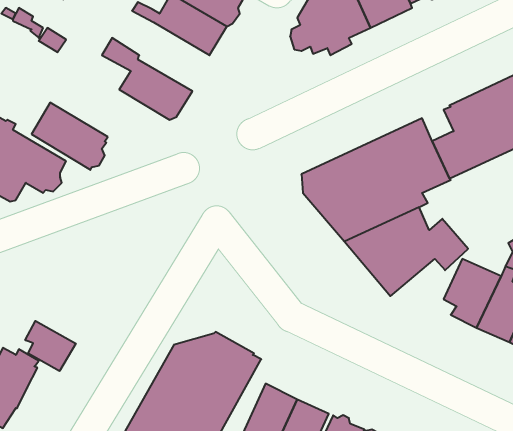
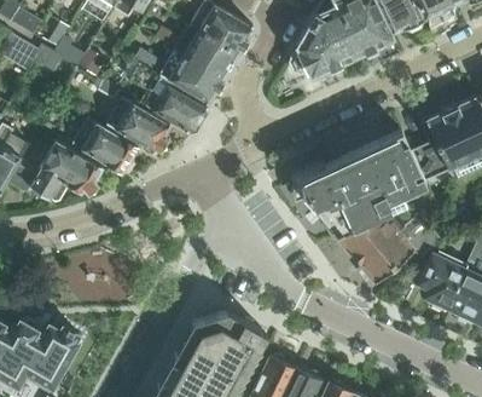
building: none -> [140,50,223,103]
building: none -> [97,81,170,151]
building: [25,321,76,371] -> none

